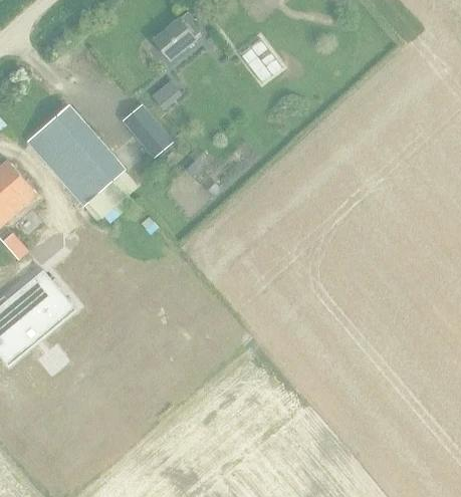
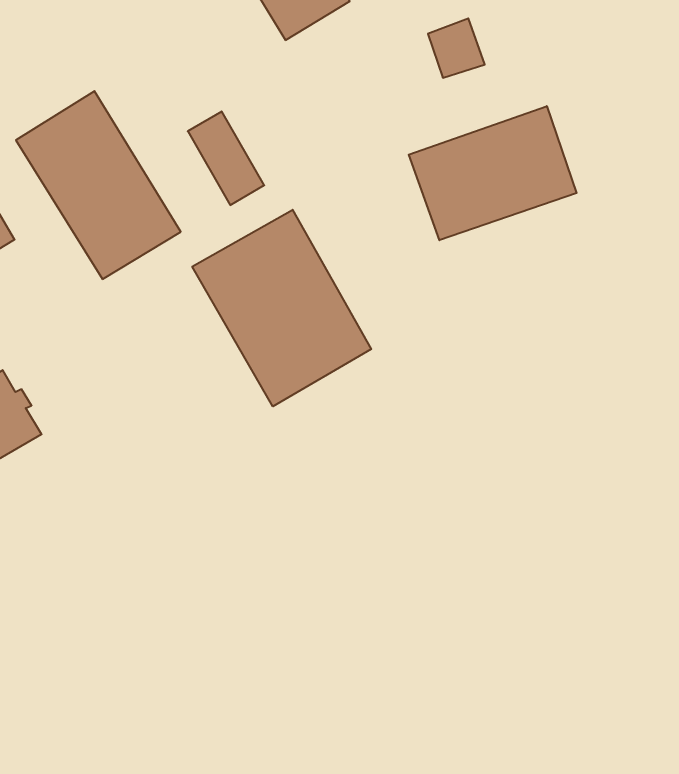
building: none -> [409,106,577,240]
building: none -> [192,210,371,406]

